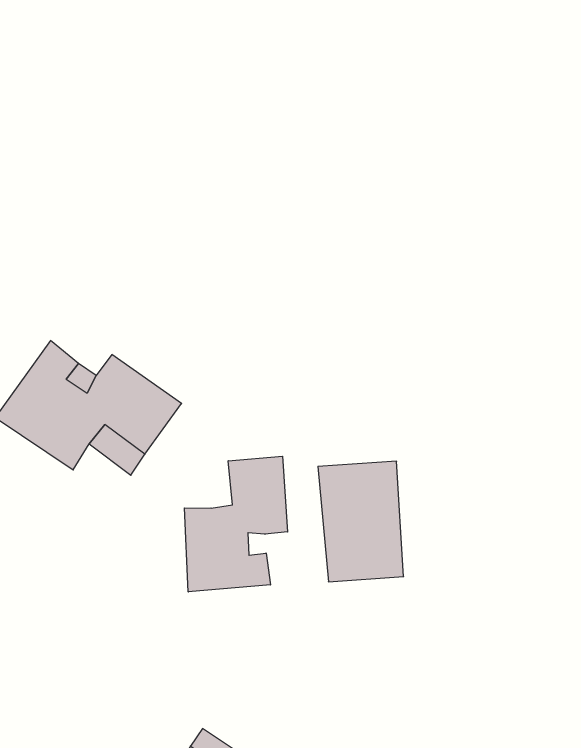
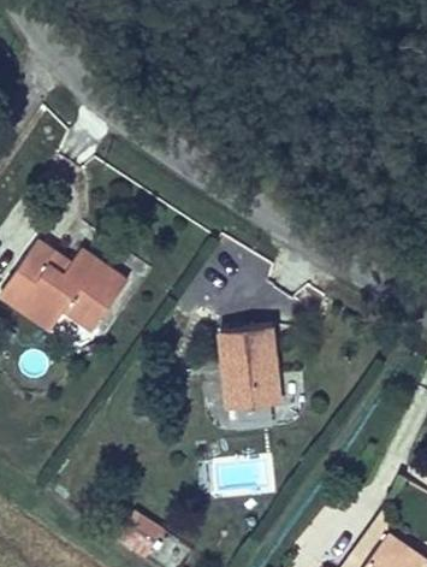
building: [185,456,288,592] -> none

